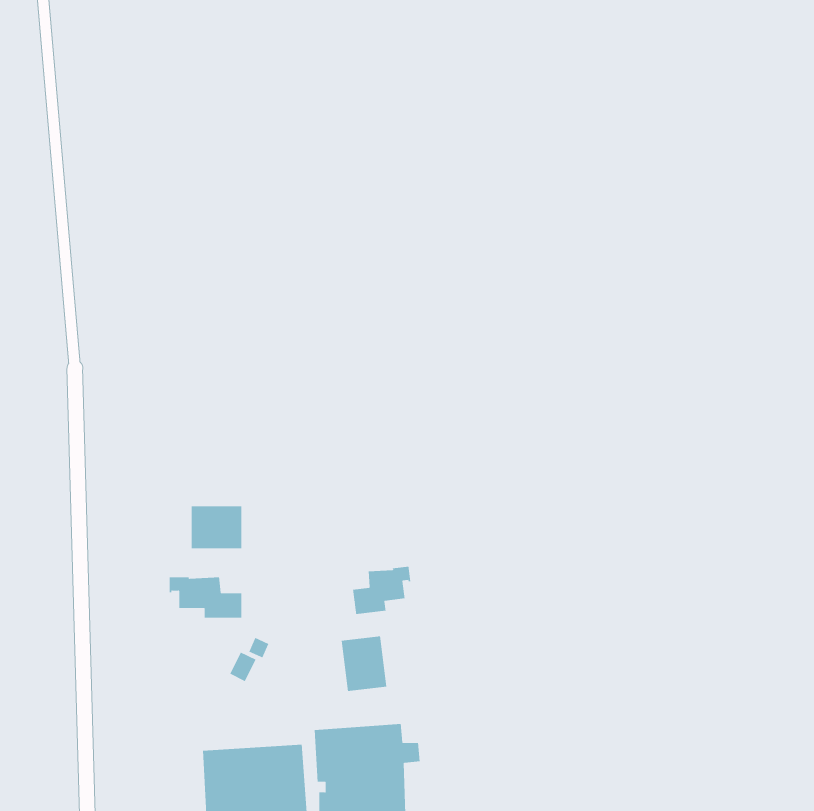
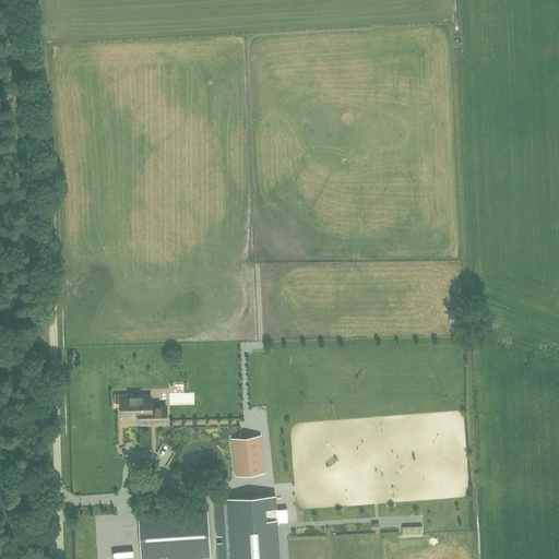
building: [191,505,242,549] -> none
building: [353,566,411,615] -> none

